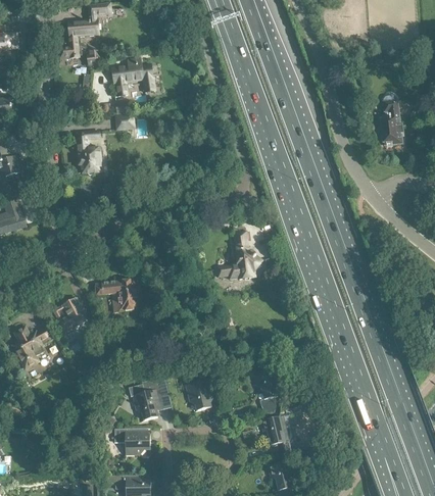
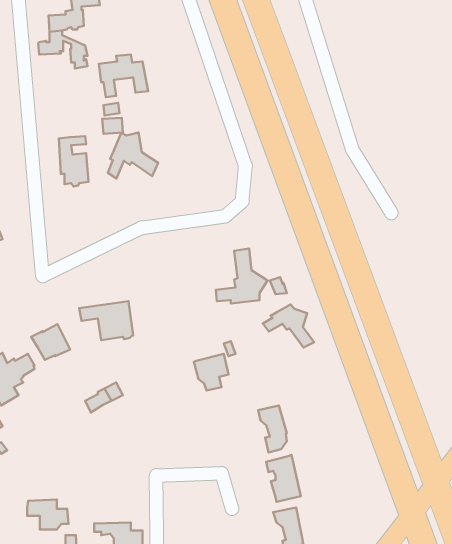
building: [381,96,403,147] -> none
building: none -> [108,133,158,178]
building: none -> [263,305,314,348]
building: [128,374,168,420] -> none
building: [185,379,215,411] -> [194,354,228,390]
building: [113,429,150,455] -> [27,500,68,529]

